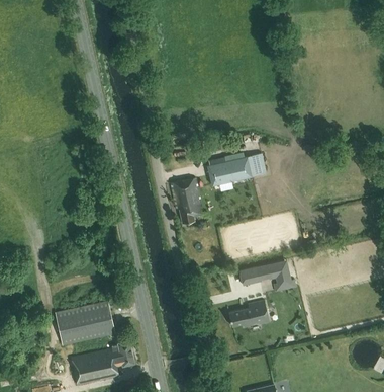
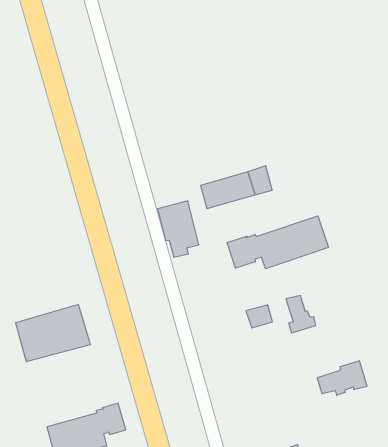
building: none -> [227,216,329,269]
building: [55,301,115,345] -> [15,304,91,362]
building: [228,301,269,328] -> [317,361,367,395]

